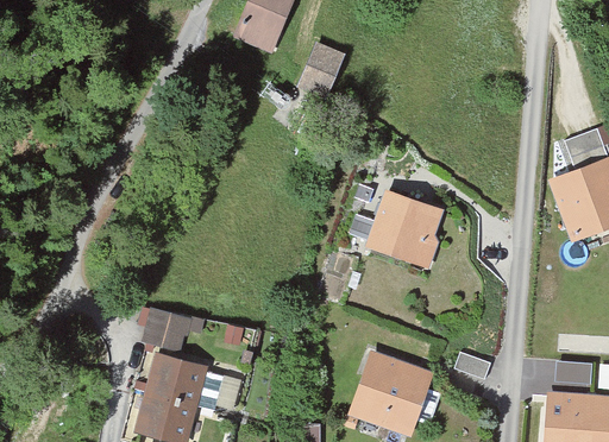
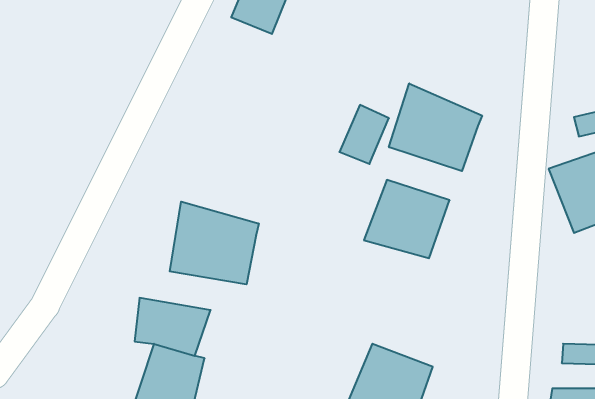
building: [297,36,346,94] -> [339,105,389,164]
building: none -> [389,83,482,171]
building: none -> [170,202,259,284]

